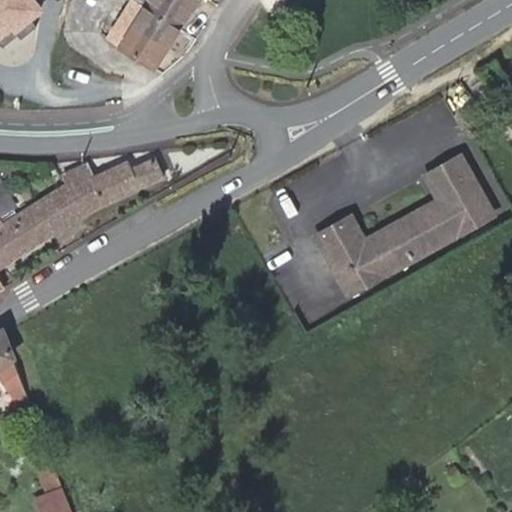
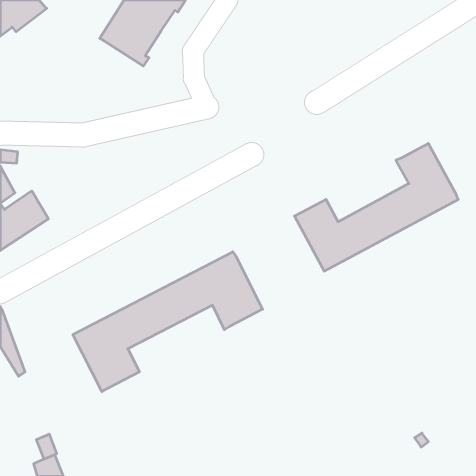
building: [34,158,164,235] -> none
building: none -> [73,252,263,392]

